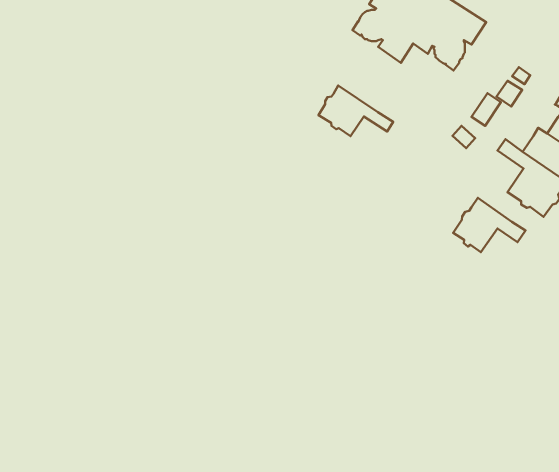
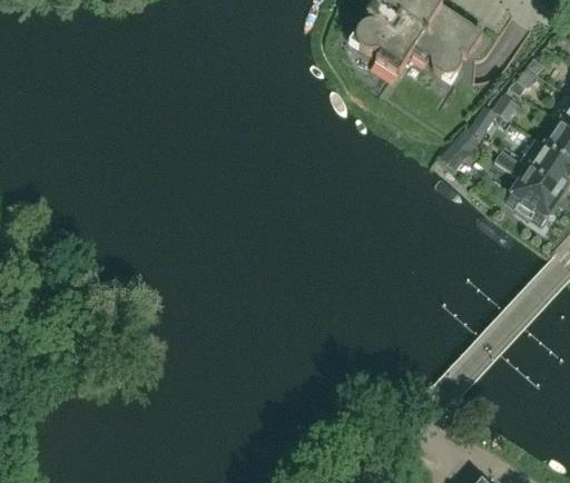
building: [319,86,393,136] -> none
building: [453,198,525,252] -> none

